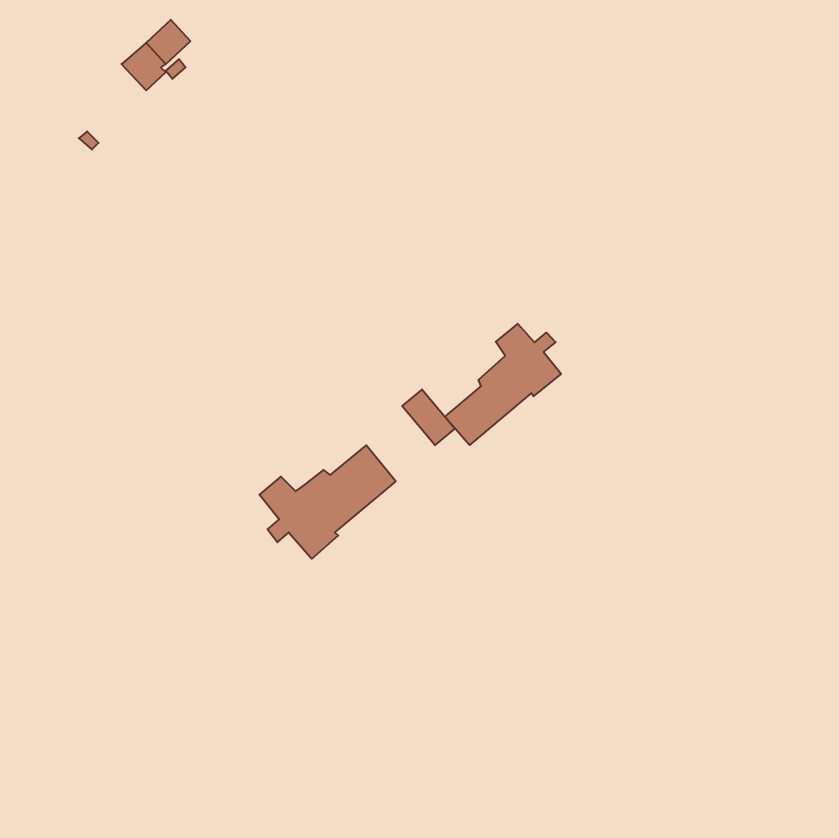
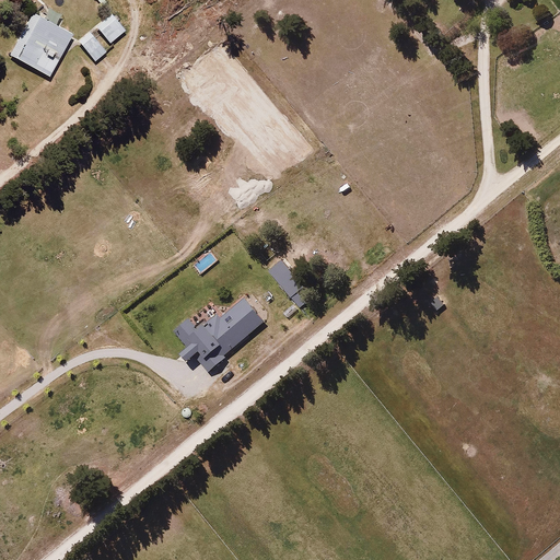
building: none -> [11,12,73,75]
building: [445,324,561,445] -> none

